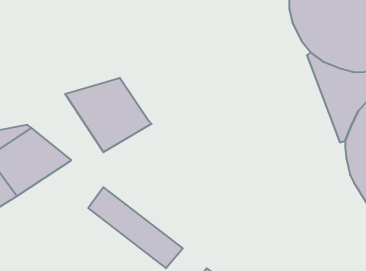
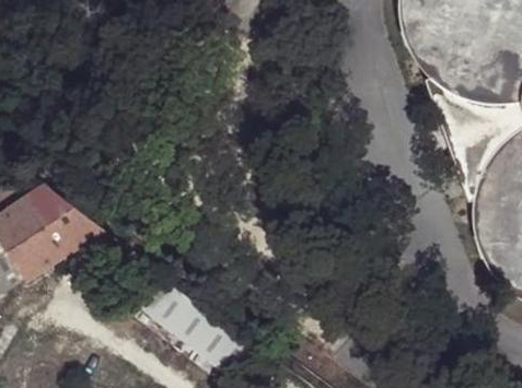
building: [65,78,152,152] -> none

